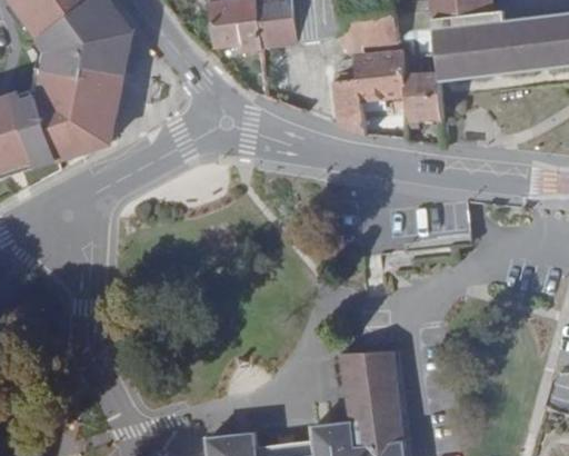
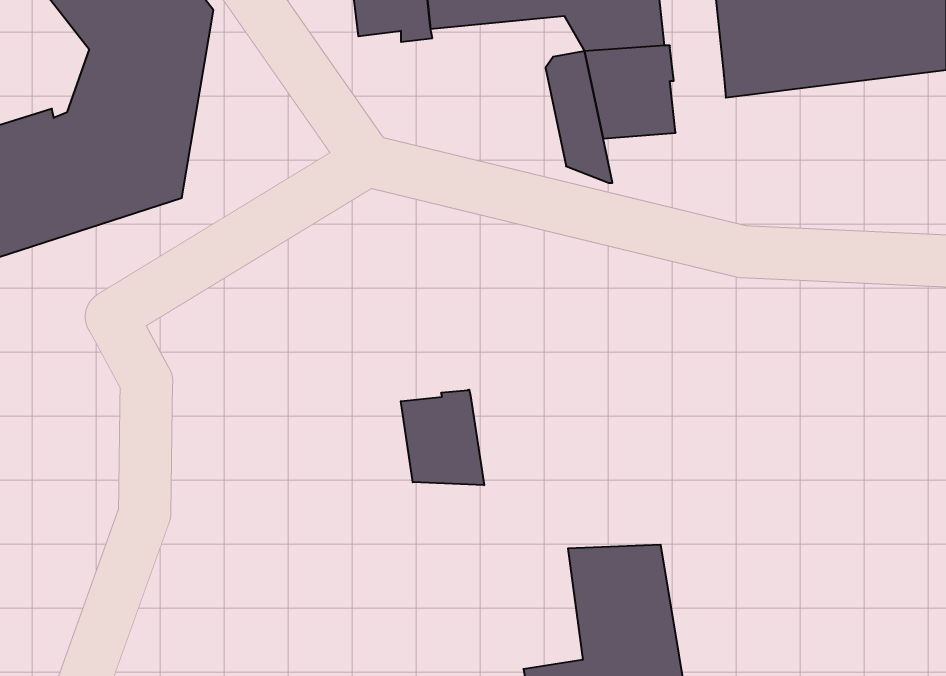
building: [401,68,439,122] -> none
building: none -> [401,390,484,485]

